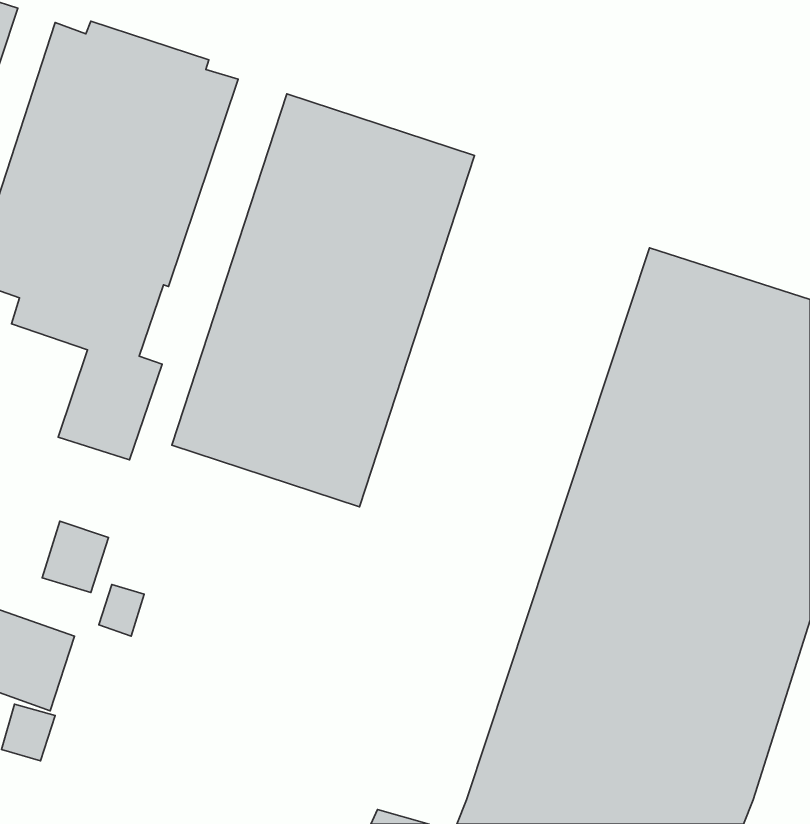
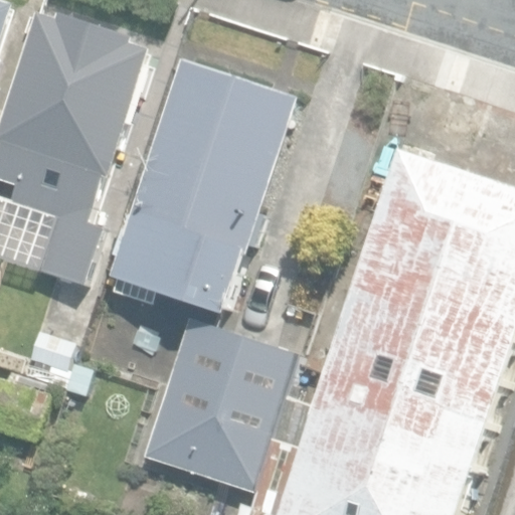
building: none -> [142,317,296,491]

